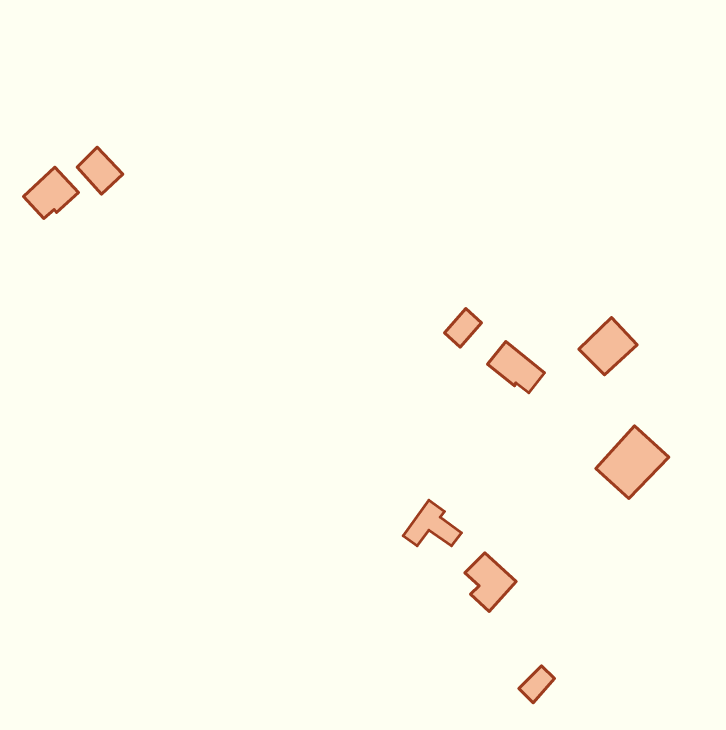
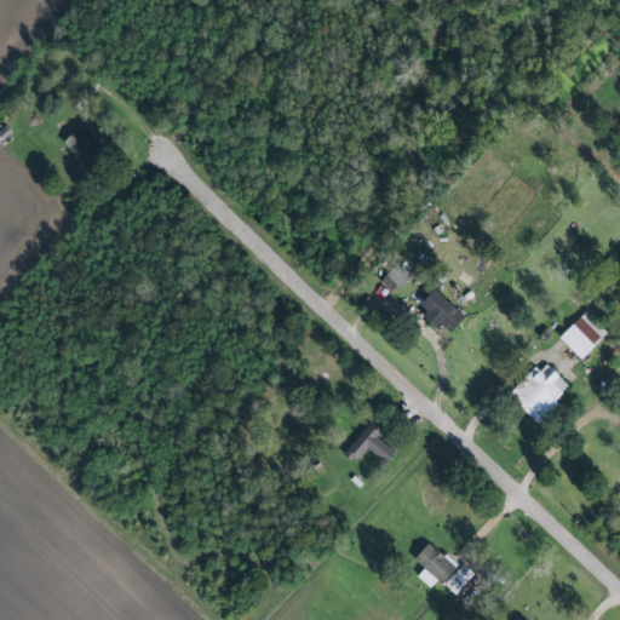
building: [24,167,79,219] -> none
building: [579,318,637,375] -> [558,311,608,360]
building: [465,553,516,611] -> [412,541,455,591]

